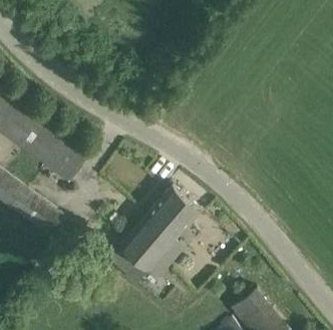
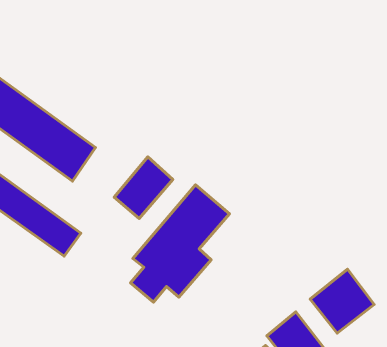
building: none -> [114,157,173,219]
building: none -> [310,269,374,333]

